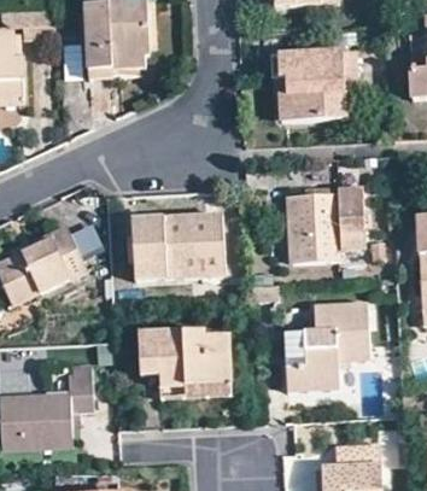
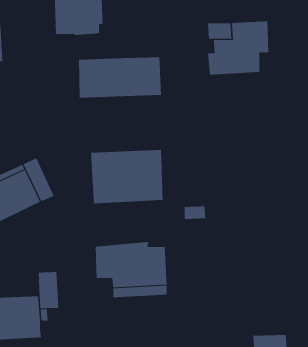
building: none -> [78,57,161,99]
building: [288,185,364,261] -> none
building: [285,300,369,388] -> none

